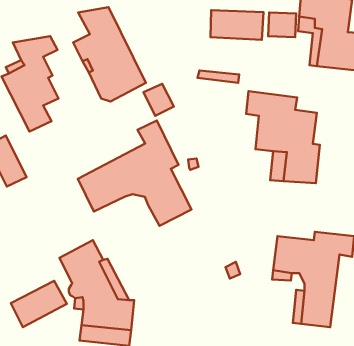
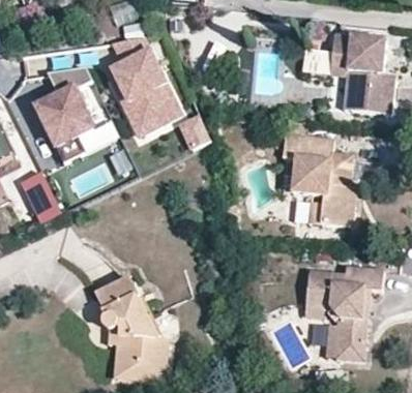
building: [211,10,263,40] -> none
building: [78,120,191,226] -> none
building: [11,281,67,327] -> none

